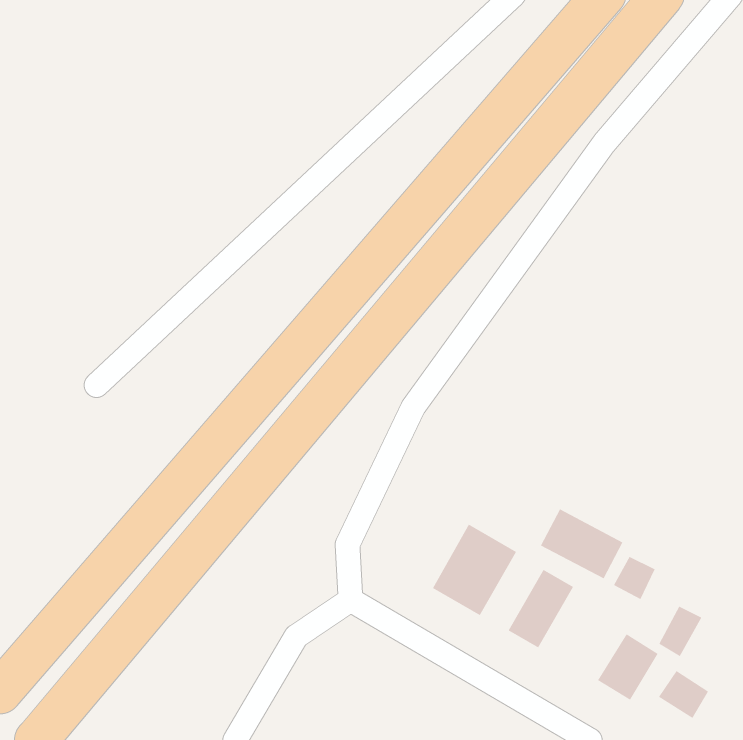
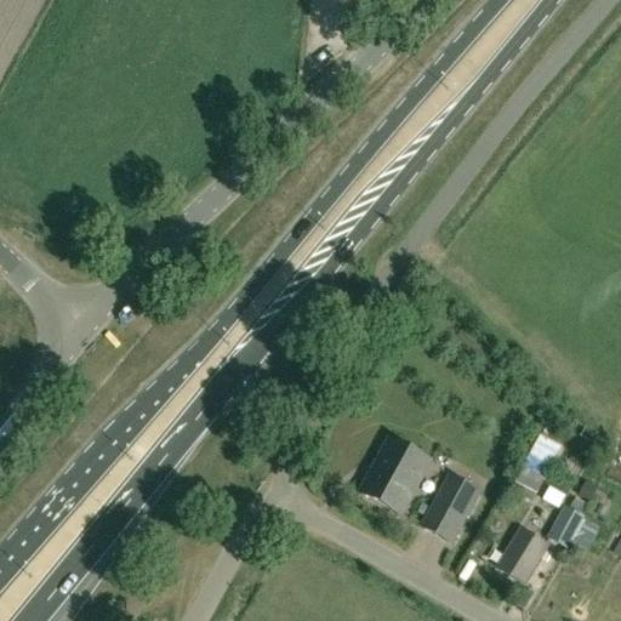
building: [540,509,623,579] -> none
building: [658,670,709,719] -> none

